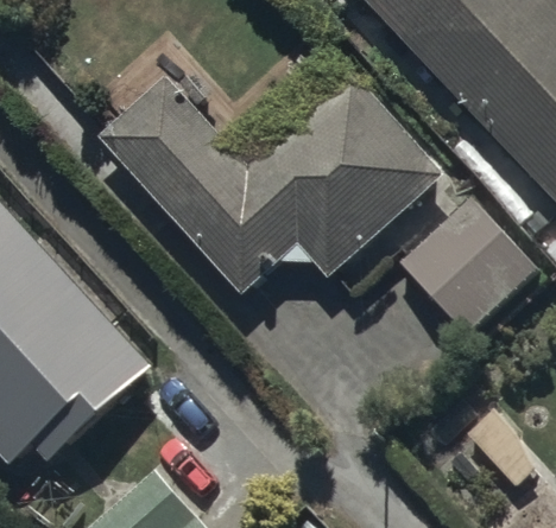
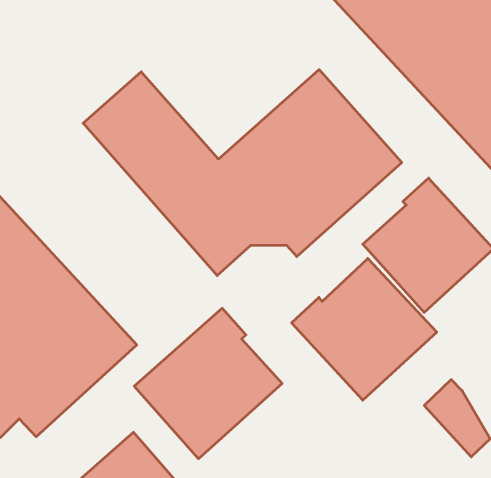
building: none -> [292,258,437,400]
building: none -> [134,308,282,459]

